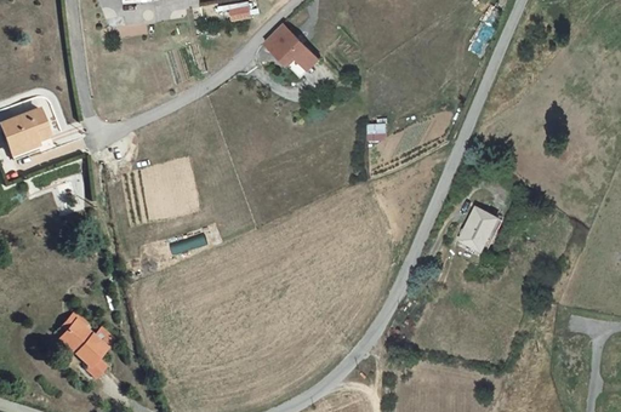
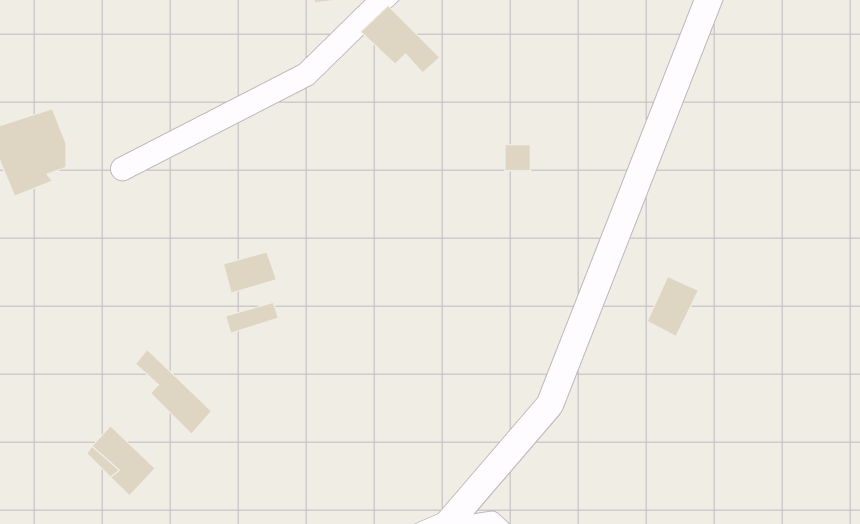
building: none -> [223,252,276,293]
building: none -> [135,350,211,434]

